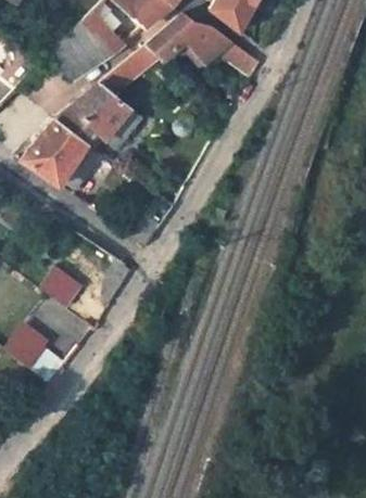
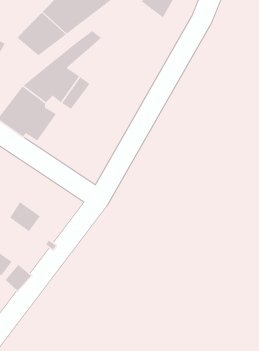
building: [144,12,257,71] -> none

